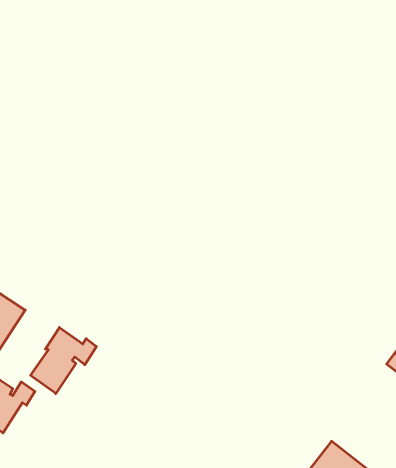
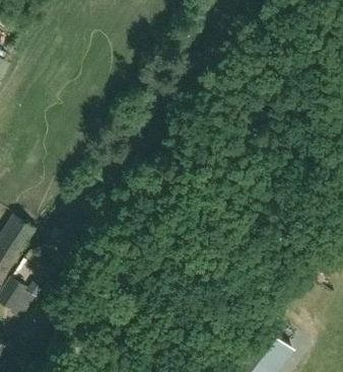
building: [31,327,96,394] -> none

